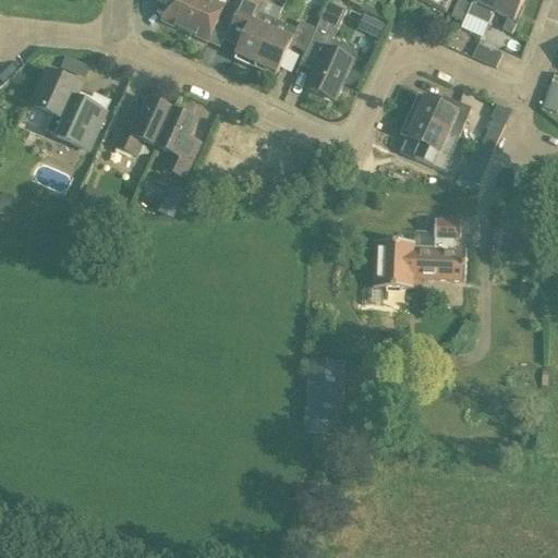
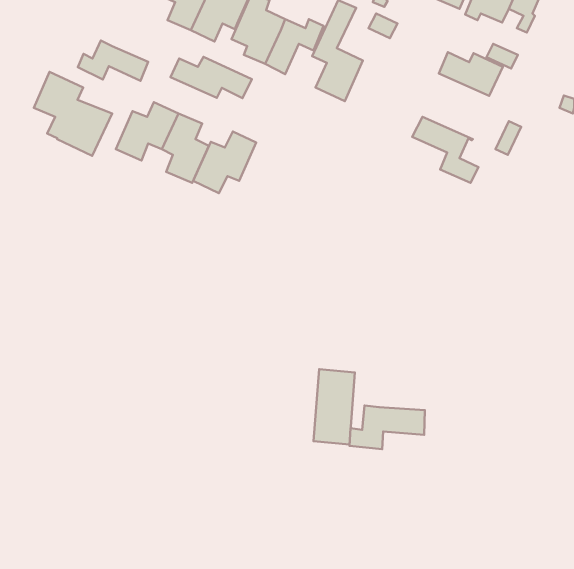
building: none -> [78,41,148,81]
building: none -> [171,57,252,98]
building: [410,93,472,135] -> [439,52,503,96]
building: none -> [193,131,256,193]
building: [374,218,466,287] -> none
building: none -> [349,405,425,449]

